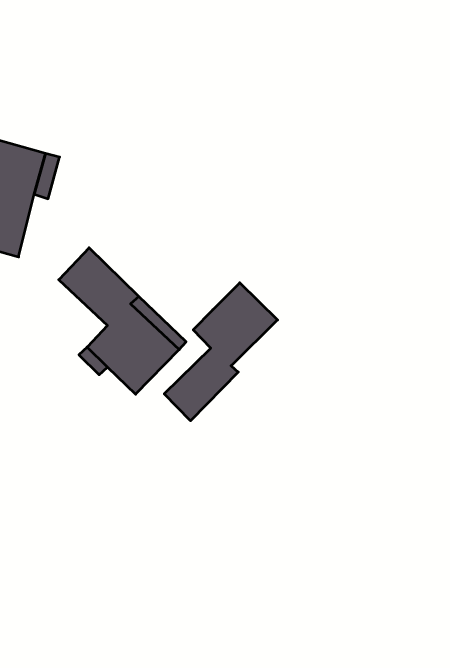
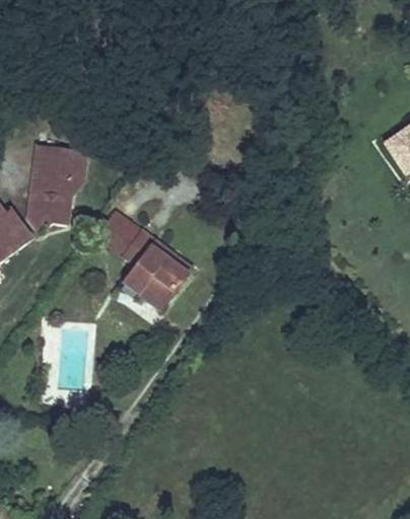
building: [164,283,278,421] -> none

